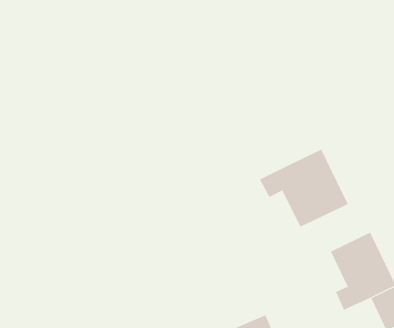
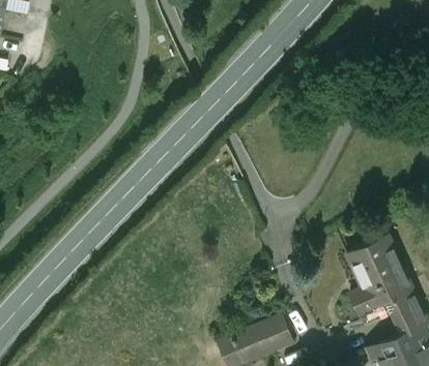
building: [259,149,348,227] -> none

